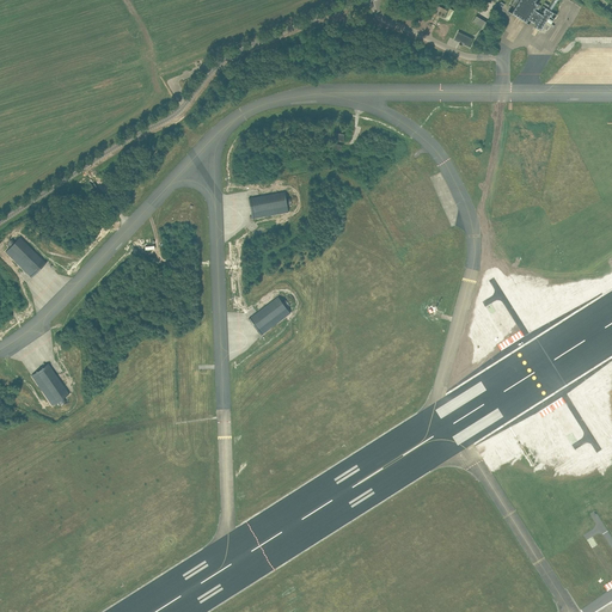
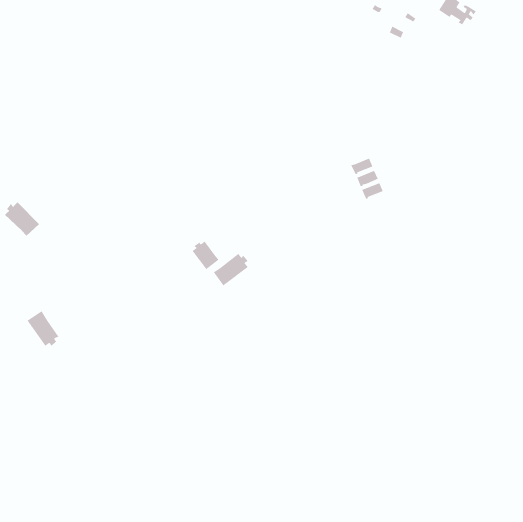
building: [249,190,292,218] -> none
building: none -> [192,240,219,270]

